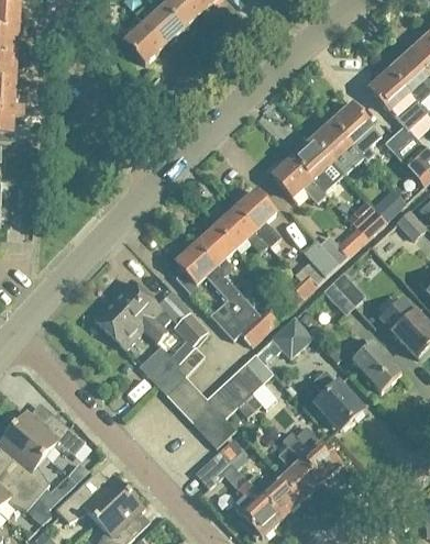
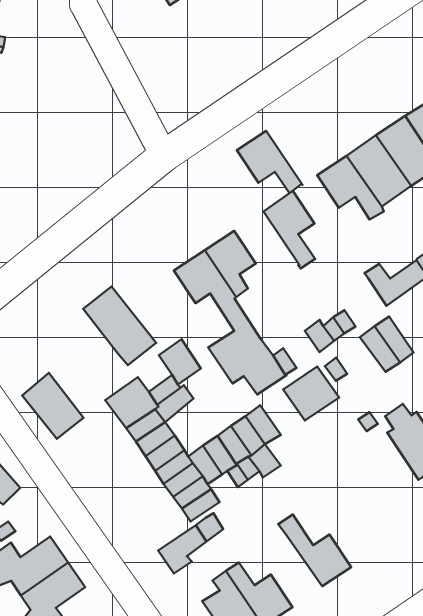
building: [217,208,269,252] -> [237,131,302,193]
building: [302,240,339,277] -> none
building: [95,300,143,348] -> [22,373,84,439]
building: [312,368,363,429] -> none
building: [278,446,321,500] -> none

